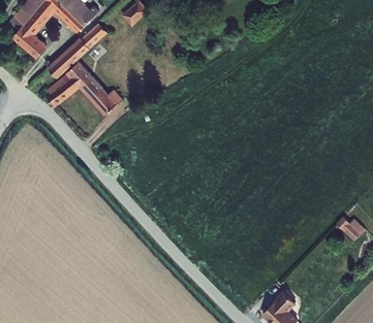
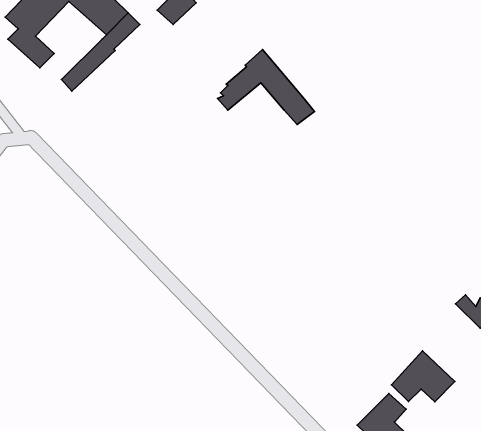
building: [48,60,117,114] -> [218,49,315,125]
building: none -> [391,351,455,402]

